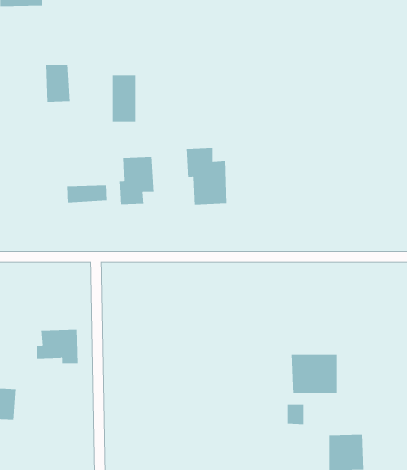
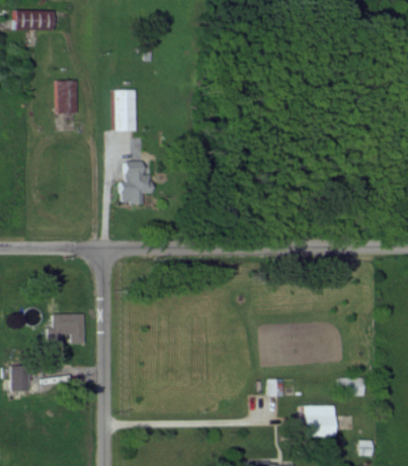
building: [186,147,227,206] -> none
building: [67,184,107,203] -> none
building: [291,354,337,394] -> none

